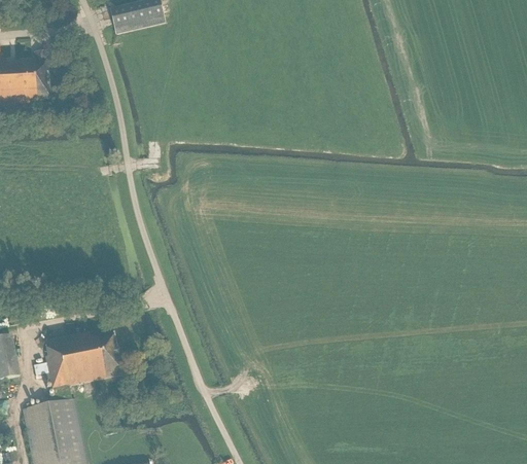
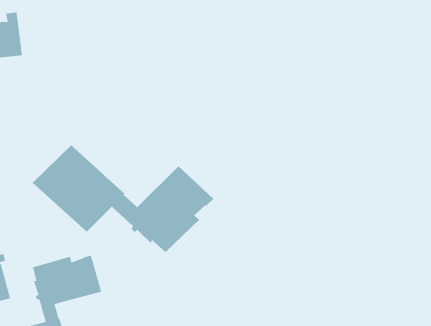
building: none -> [32,145,214,253]

